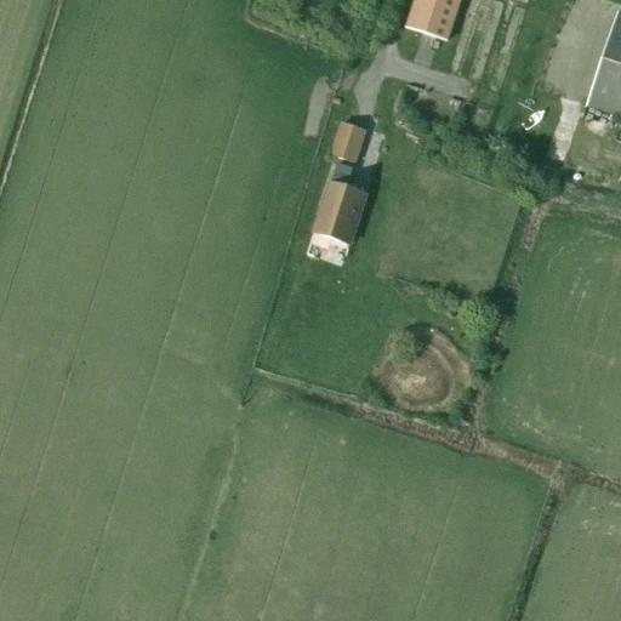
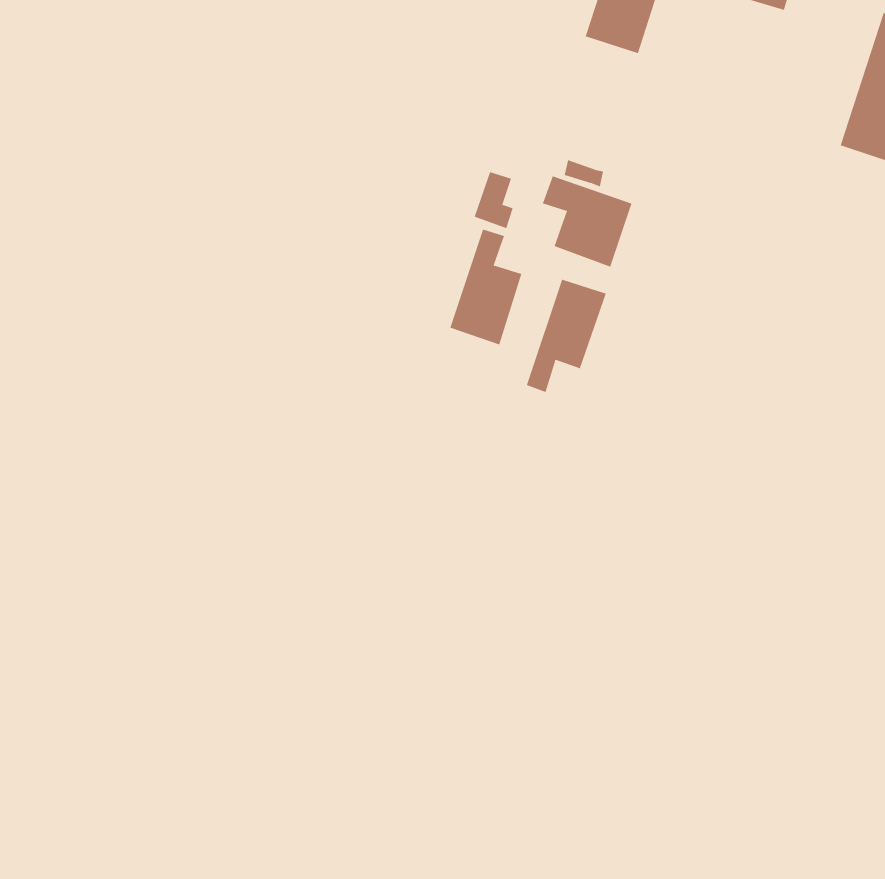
building: none -> [542,175,632,267]
building: none -> [526,279,606,393]

